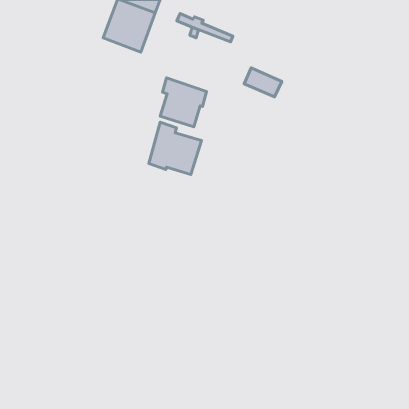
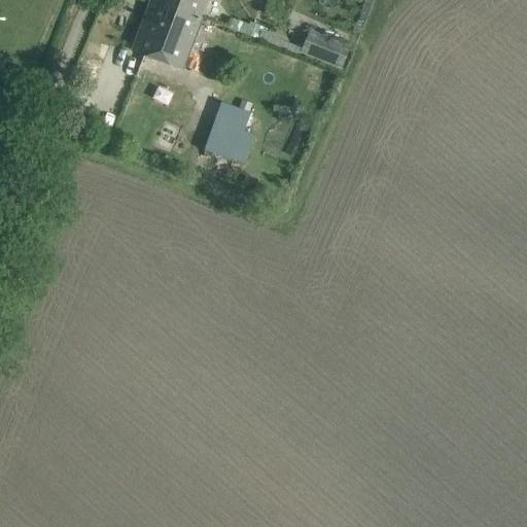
building: [244,68,282,97] -> [301,29,349,66]
building: [149,122,201,175] -> none

